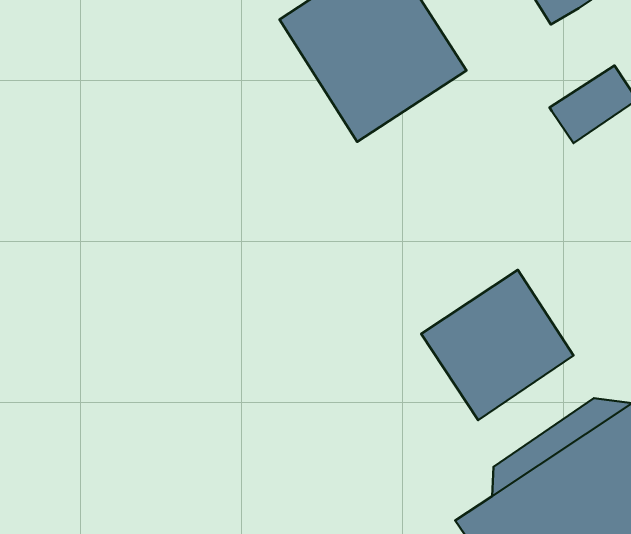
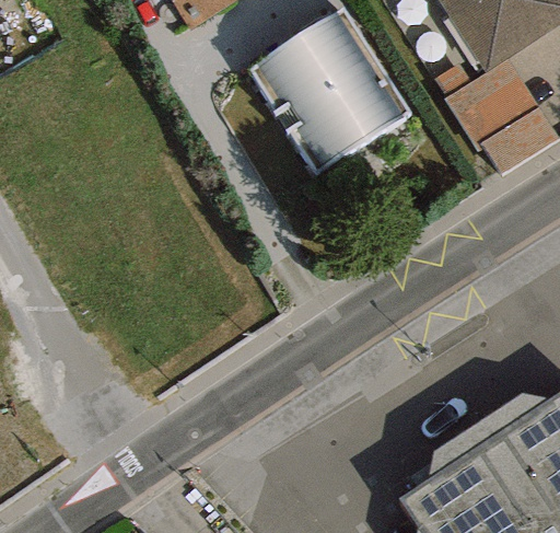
building: none -> [442,59,537,152]
building: [421,270,574,420] -> none

